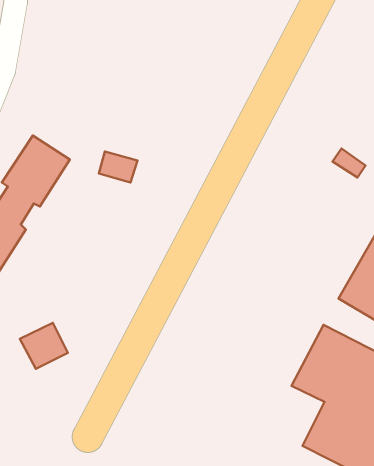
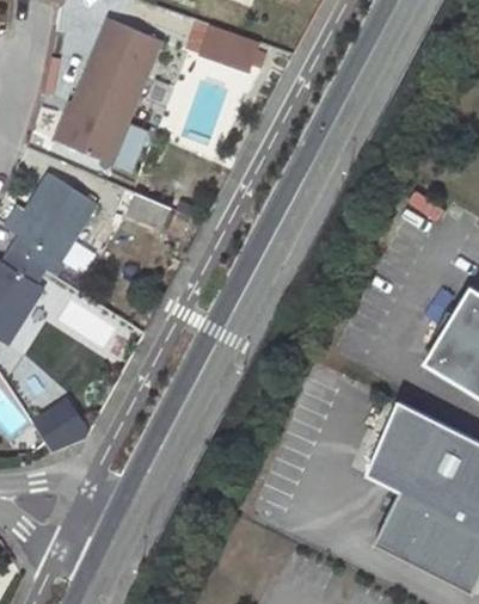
building: none -> [57,20,160,164]
building: none -> [205,27,274,70]

